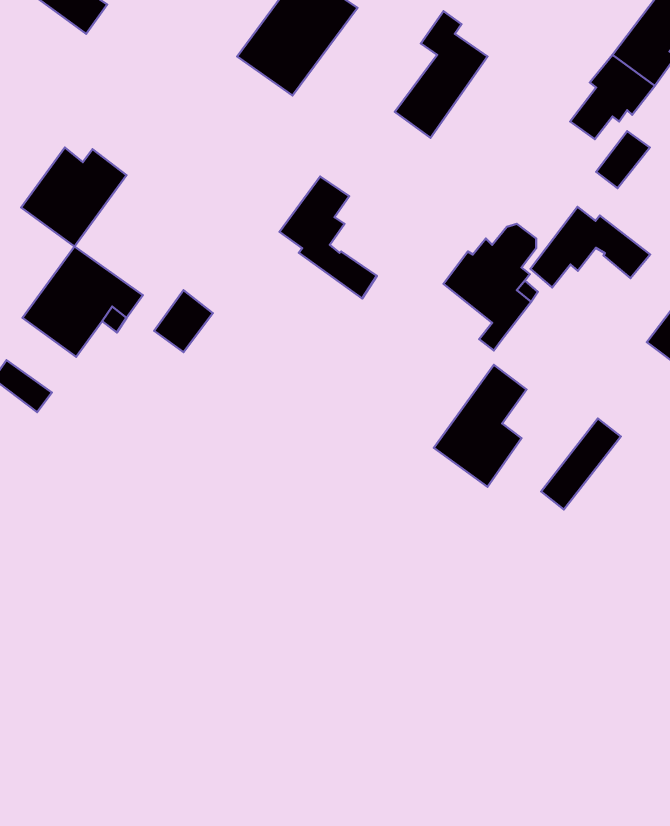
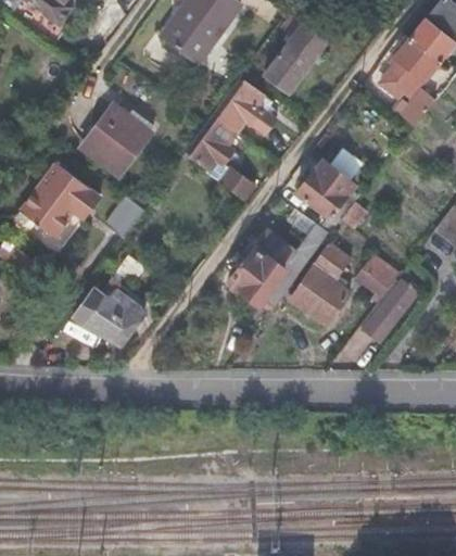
building: none -> [215,84,276,135]
building: [21,147,127,246] -> [81,108,152,174]
building: [530,207,650,287] -> none
building: none -> [229,224,331,304]
building: none -> [353,255,396,299]
building: none -> [71,288,145,346]

